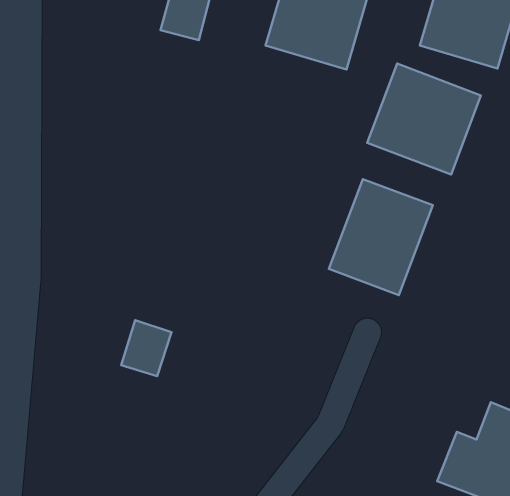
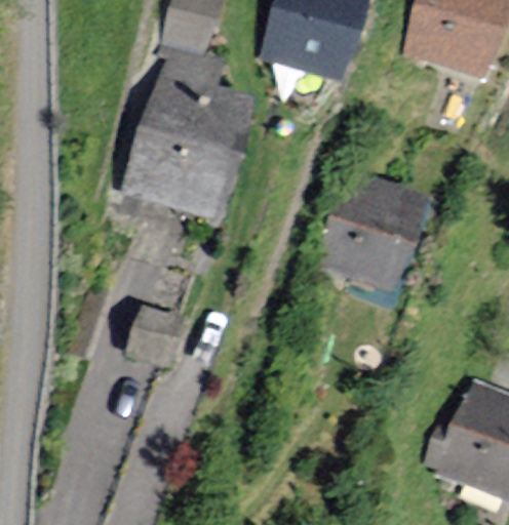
building: none -> [129,56,246,213]
building: [367,64,481,175] -> none

